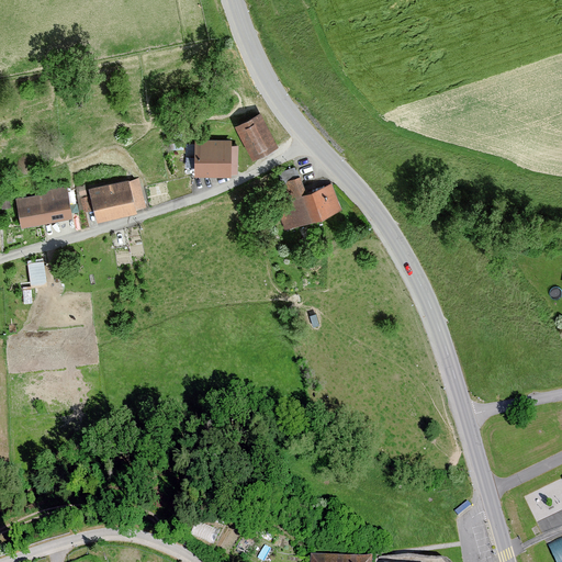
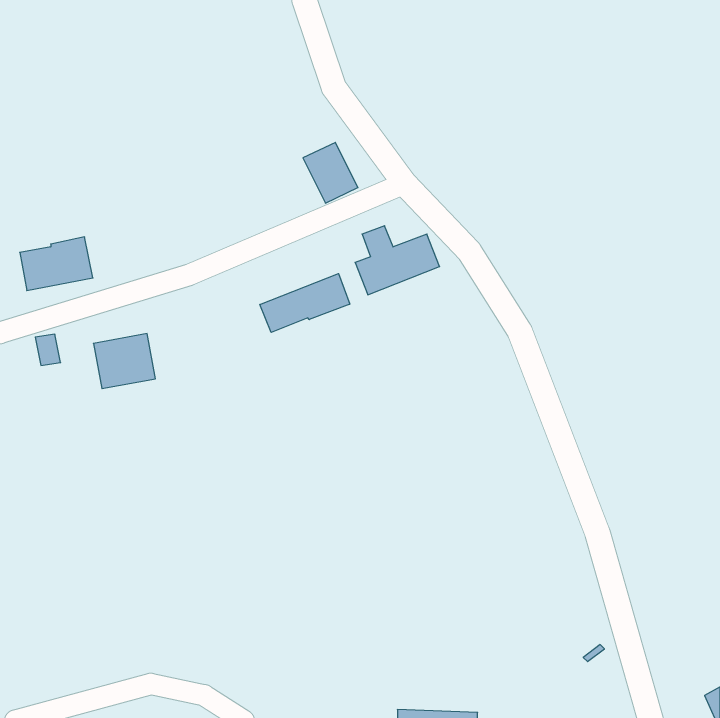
building: [194,143,231,178] -> none
building: [89,180,137,223] -> [93,334,155,389]
building: none -> [260,274,350,332]

